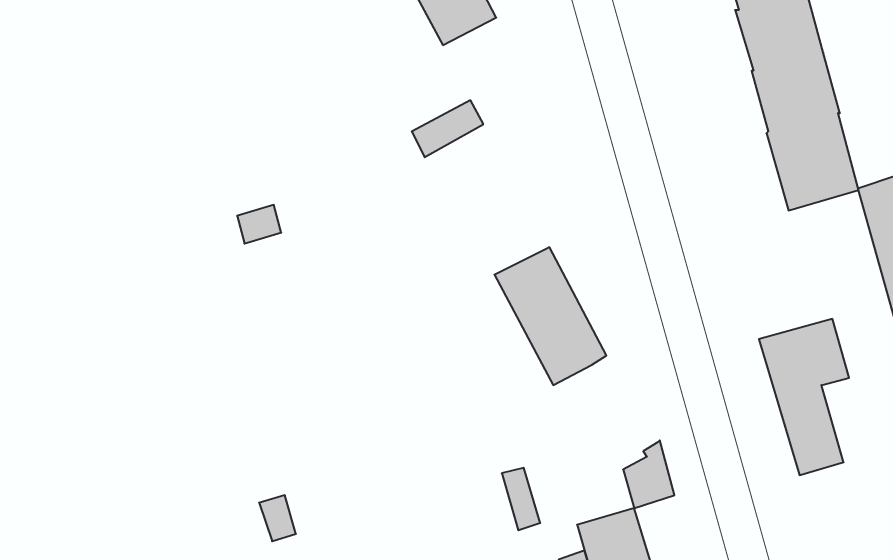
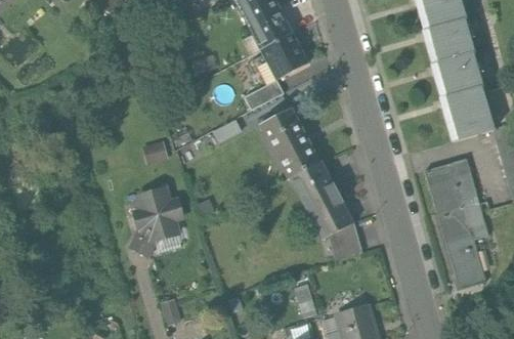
building: none -> [262,33,308,79]
building: none -> [261,108,319,177]
building: none -> [426,158,479,212]
building: none -> [131,188,182,255]
building: [623,440,674,508] -> [334,220,362,258]

